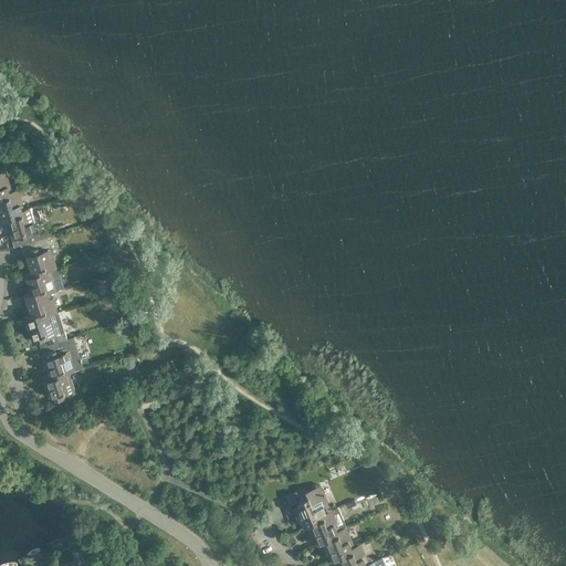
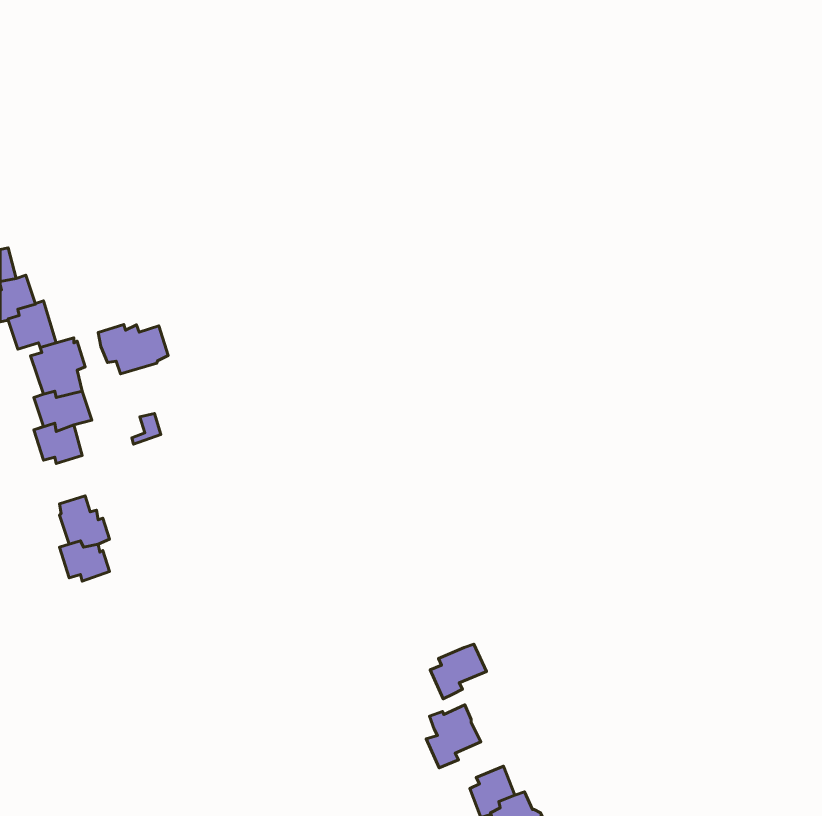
building: none -> [98,324,168,374]
building: [23,316,66,350] -> none
building: [307,512,346,549] -> [430,644,487,699]

